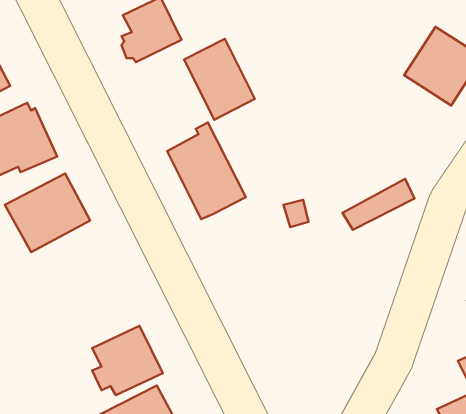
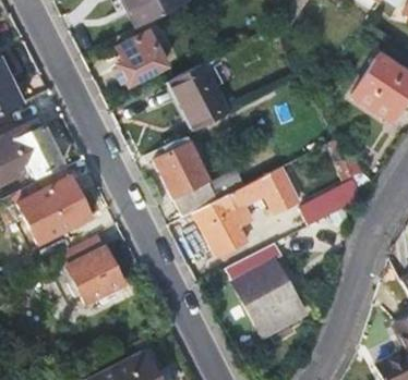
building: none -> [193,164,300,254]
building: none -> [228,241,303,332]
building: [92,326,163,395] -> [67,245,125,303]

